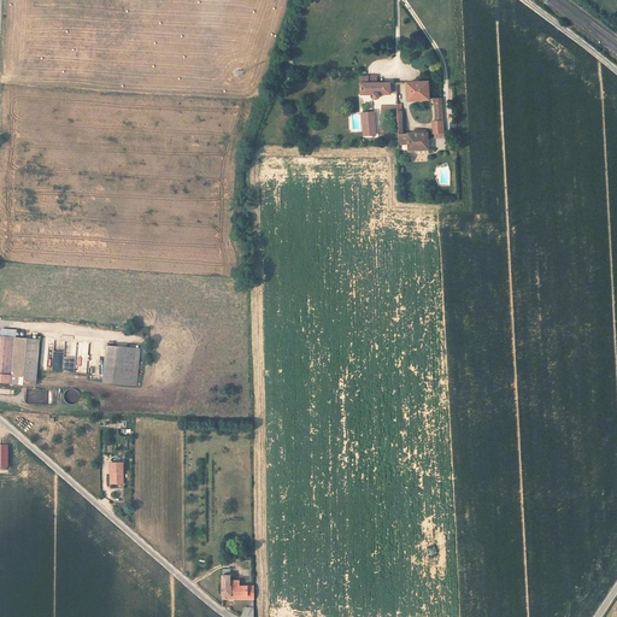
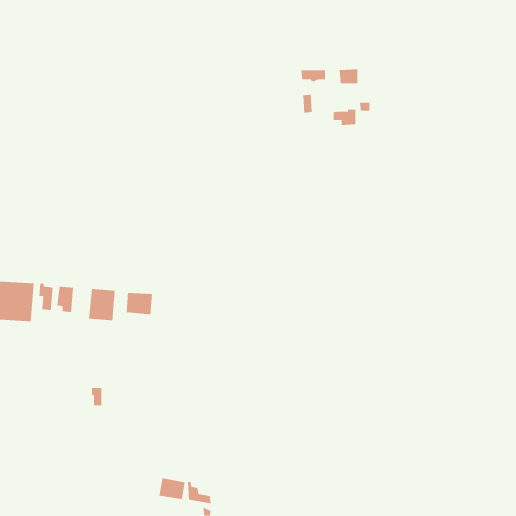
building: none -> [126,292,152,315]
building: none -> [159,477,185,500]

